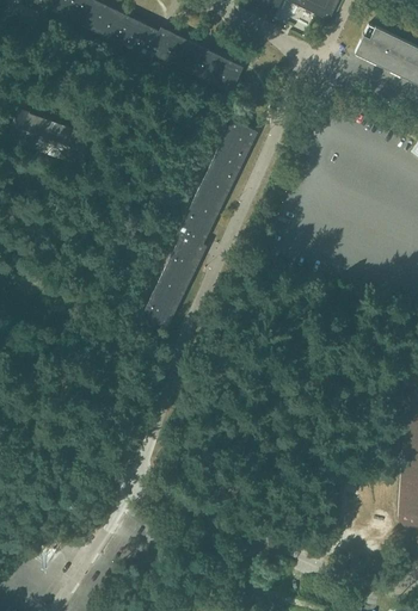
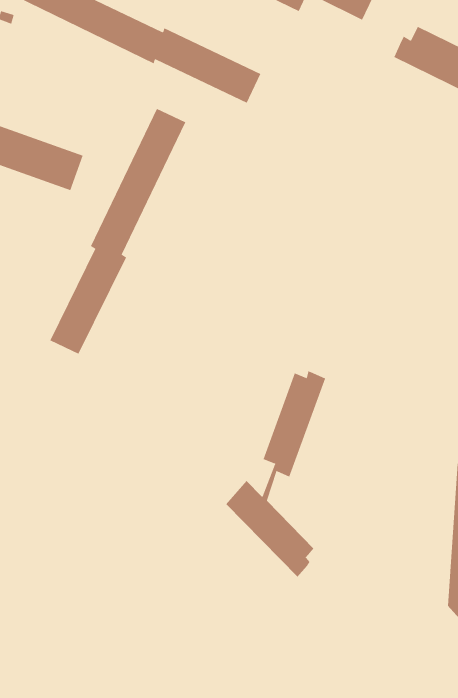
building: [141,119,257,328] -> [49,108,186,355]
building: none -> [225,371,326,578]

